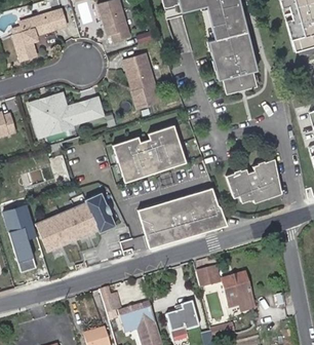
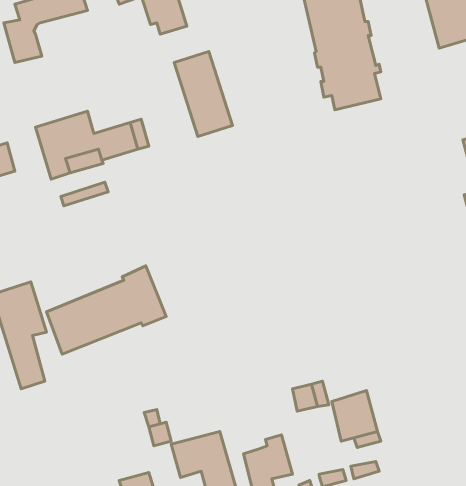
building: [112,126,185,183] -> none
building: [227,159,281,199] -> none
building: [136,189,225,248] -> none

